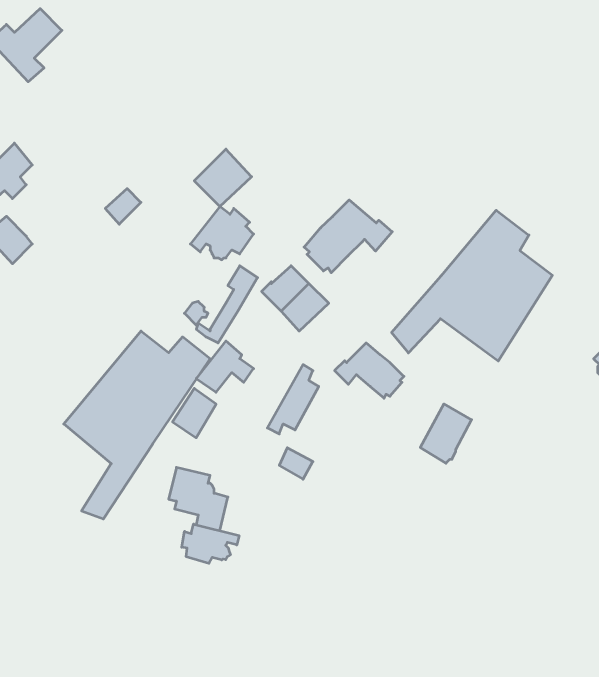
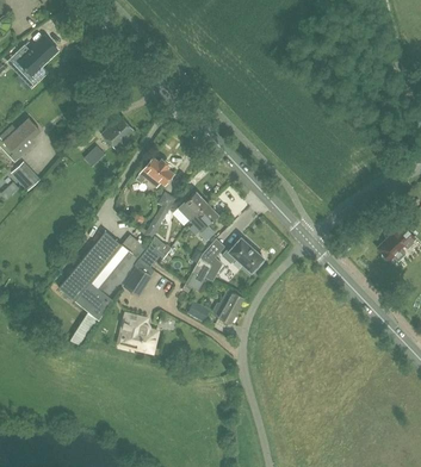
building: [194,149,252,206] -> [100,116,135,150]
building: [304,200,392,273] -> none
building: [392,210,552,361] -> none
building: [420,404,472,463] -> [213,288,244,324]
building: [182,524,239,563] -> none

